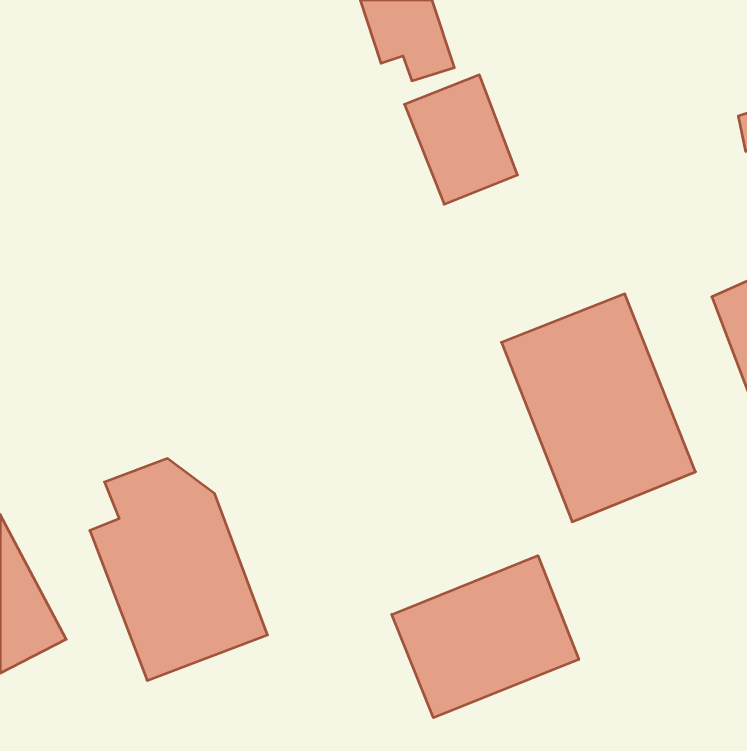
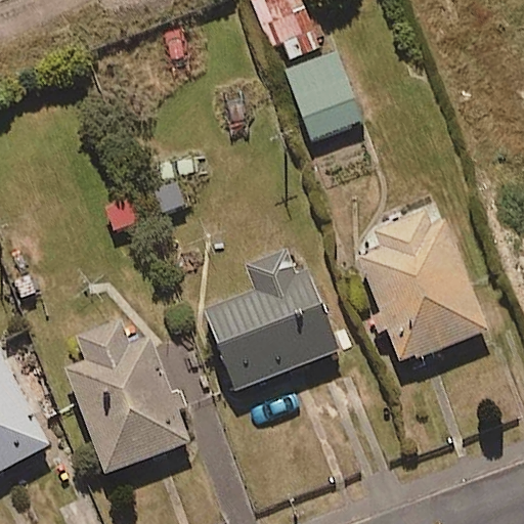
building: none -> [204,249,339,391]
building: [392,556,579,718] -> none

